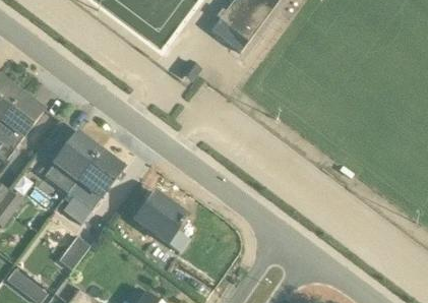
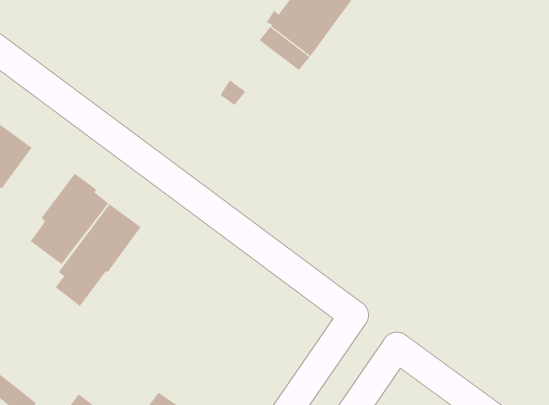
building: [134,191,188,251] -> none
building: [58,235,89,269] -> none

